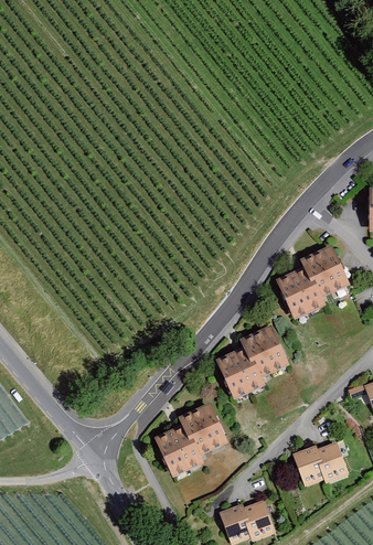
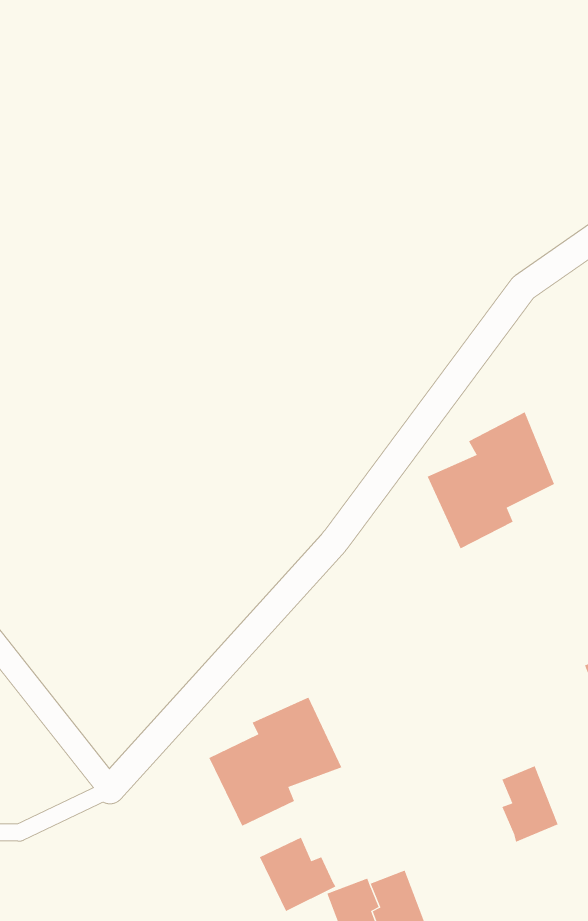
building: [215,327,289,399] -> none
building: [294,445,324,487] -> none
building: none -> [259,837,336,912]

